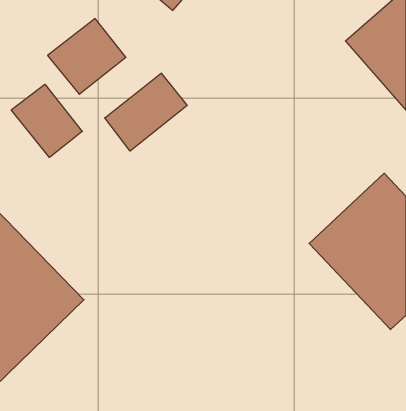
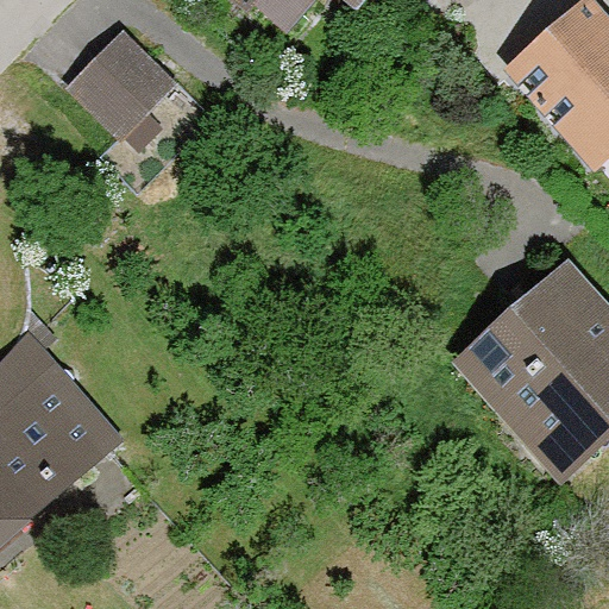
building: [105,73,187,151] -> none
building: [11,84,82,157] -> none

